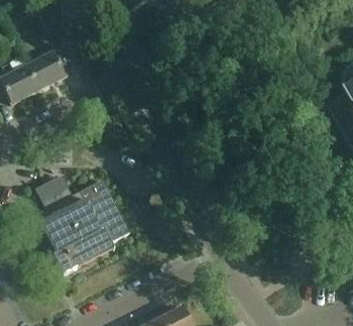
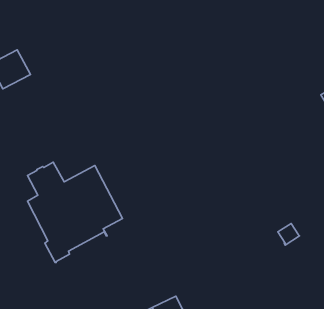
building: [26,50,67,89] -> none

